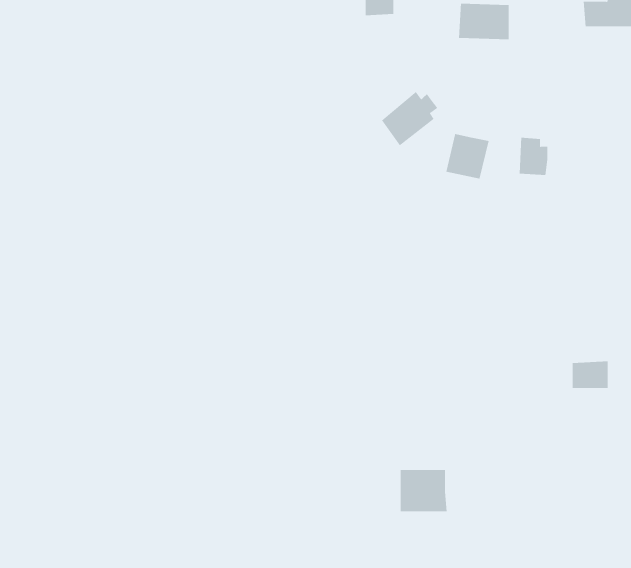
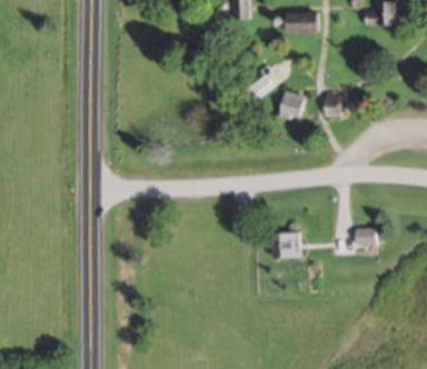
building: [400,470,448,512] -> [275,232,304,258]

